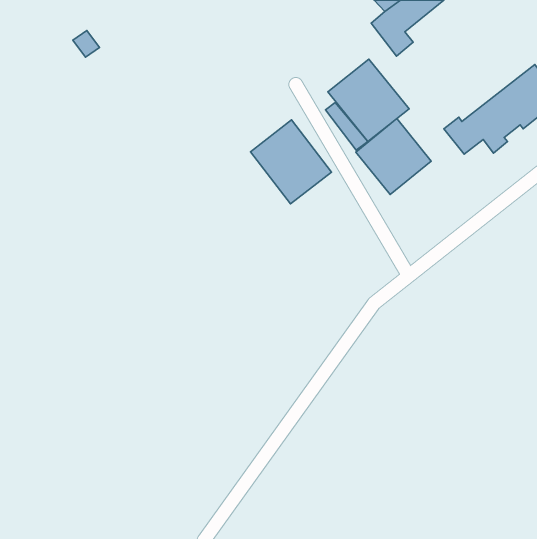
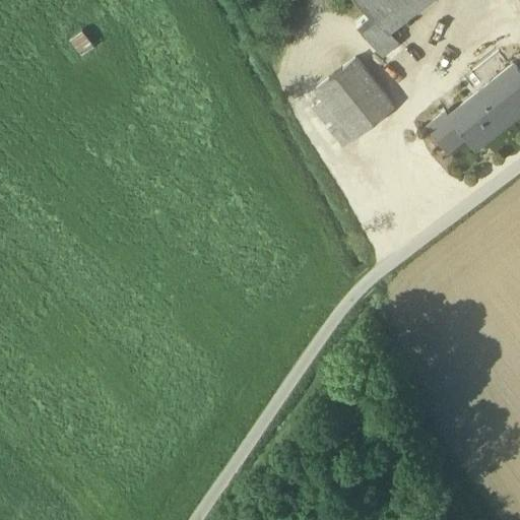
building: [356,119,431,195] -> none
building: [251,120,331,204] -> none

